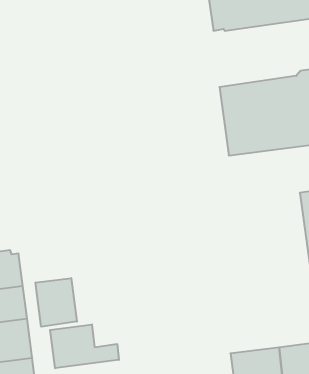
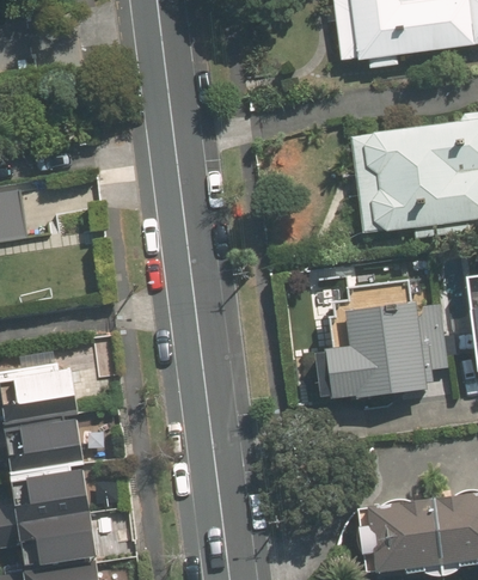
building: none -> [325,300,443,399]
building: [36,278,77,327] -> none
building: [50,324,119,368] -> none

